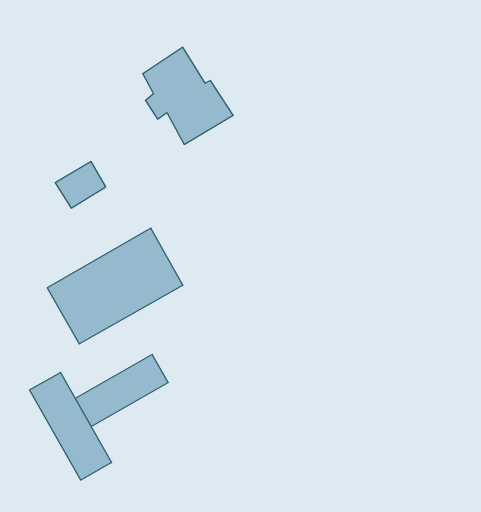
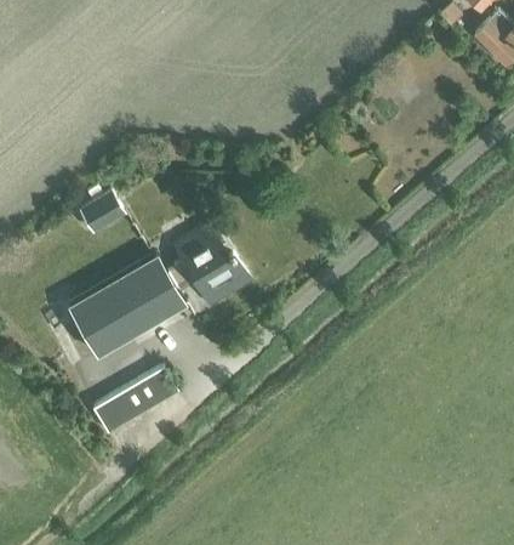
building: [143,47,233,144] -> [172,221,255,310]
building: [30,372,112,480] -> none

